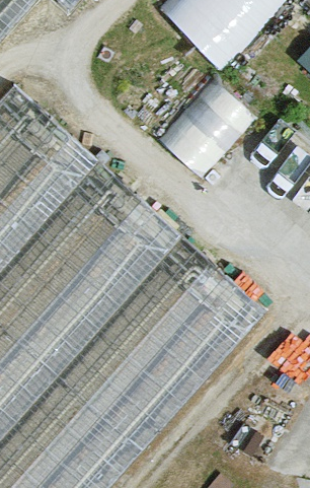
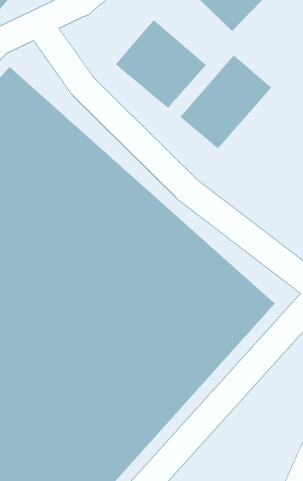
building: none -> [115,19,207,109]

